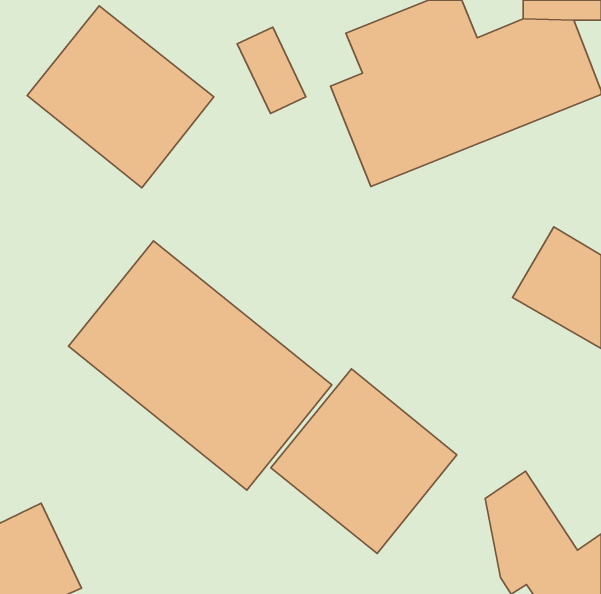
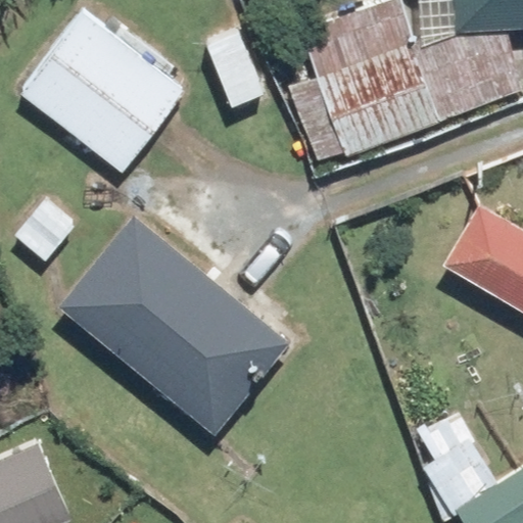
building: [271,369,457,554] -> none

